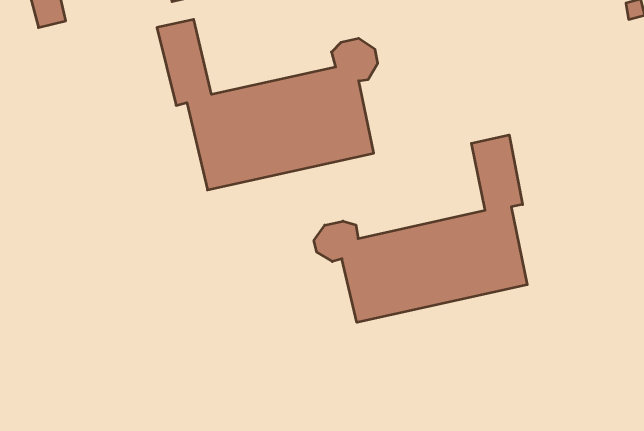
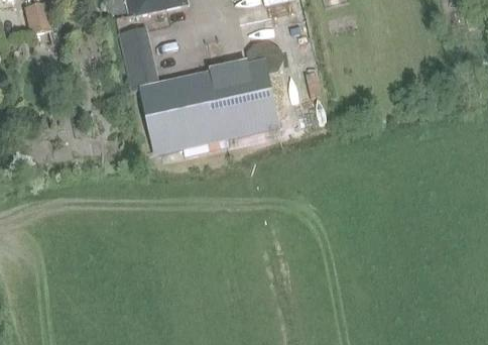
building: [314,135,527,322] -> none

